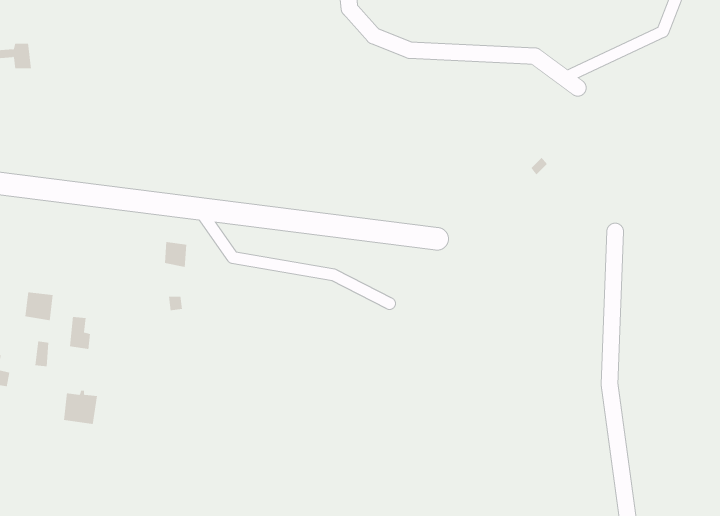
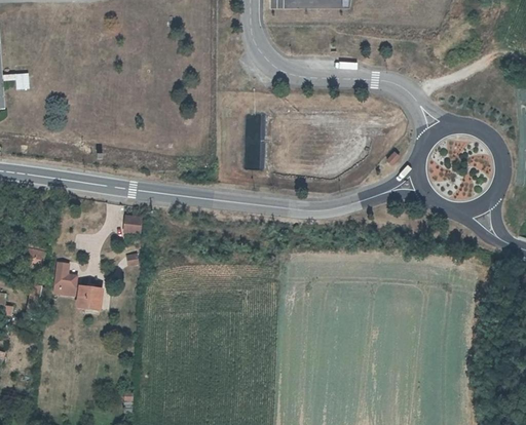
building: [63,390,98,425] -> [75,285,100,310]

